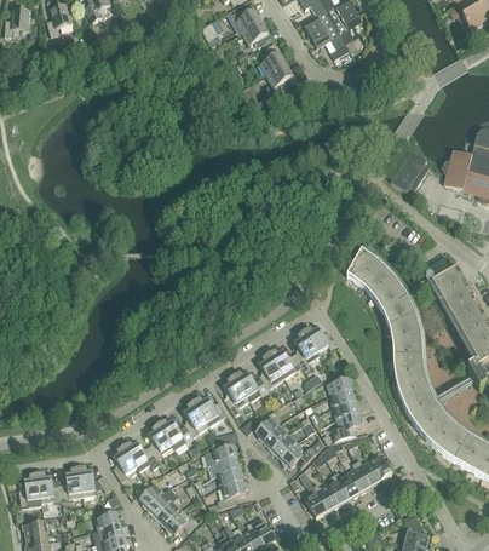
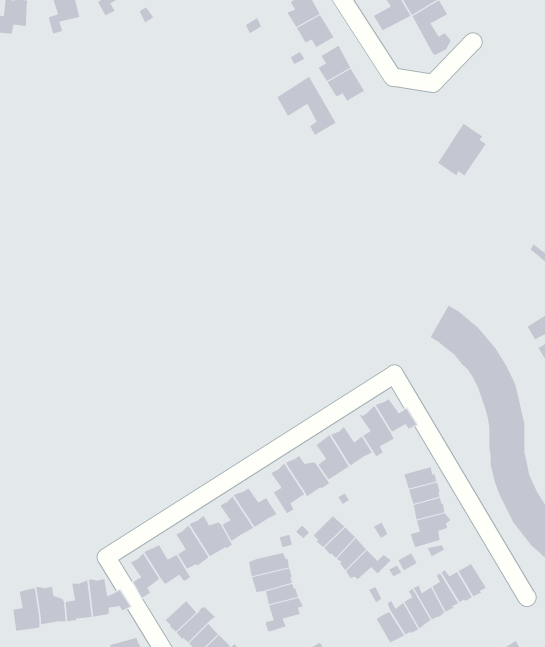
building: [310,22,349,58] -> none
building: none -> [277,76,337,136]
building: [391,149,430,191] -> [437,123,486,177]

